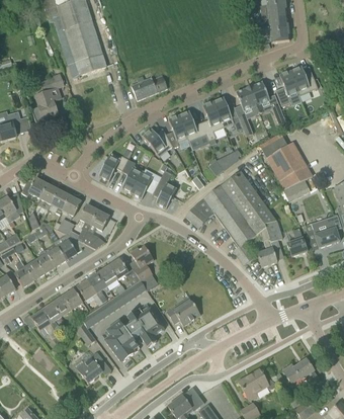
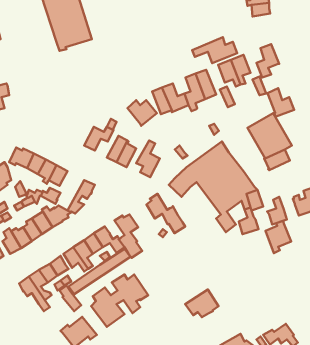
building: none -> [192,37,237,63]
building: [290,66,318,95] -> [267,88,294,117]
building: [31,73,63,121] -> none
building: [131,75,167,99] -> none
building: [69,204,98,242] -> none
building: none -> [146,194,185,233]
building: none -> [265,221,291,253]
building: [166,297,200,325] -> [185,289,219,317]

